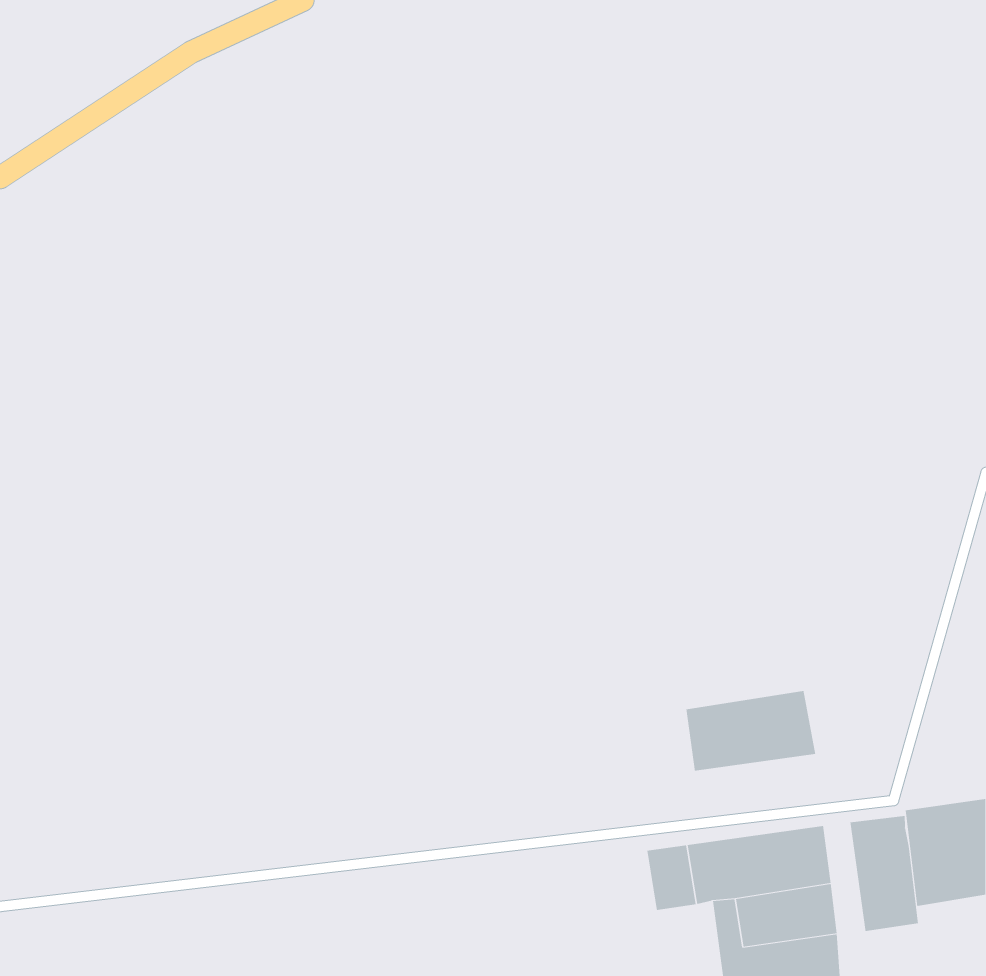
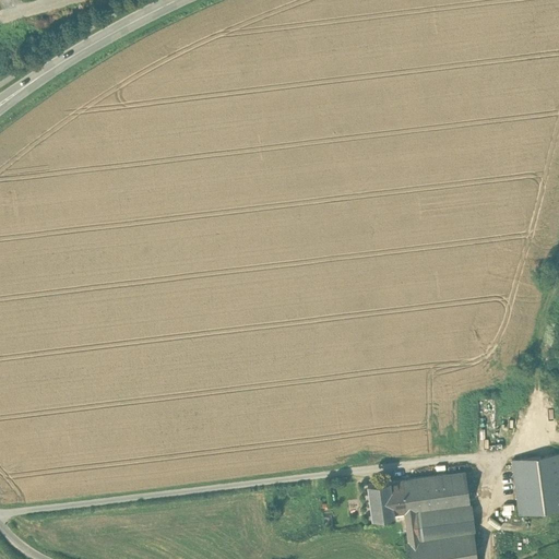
building: [686,690,816,772] -> none
building: [850,815,919,932] -> none

